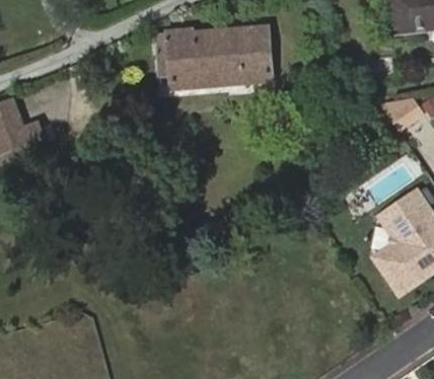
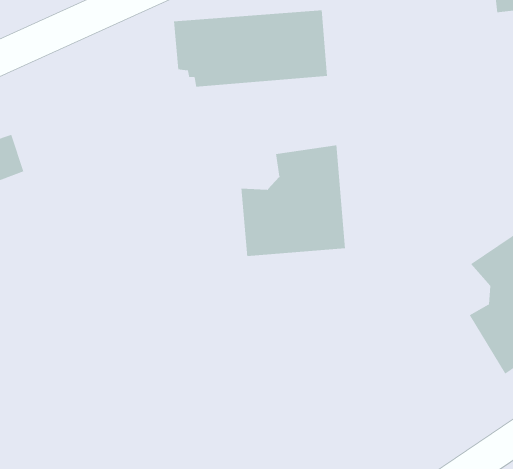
building: none -> [241,145,346,257]

